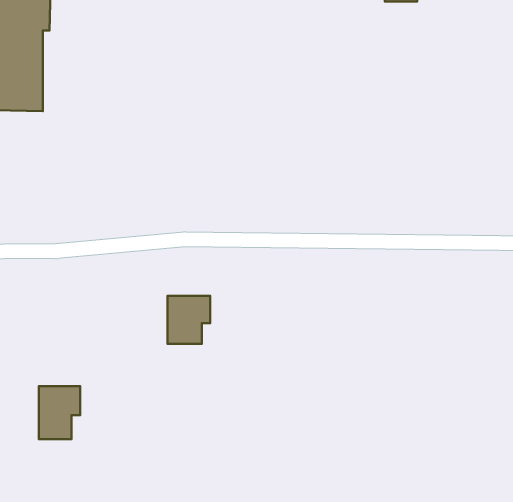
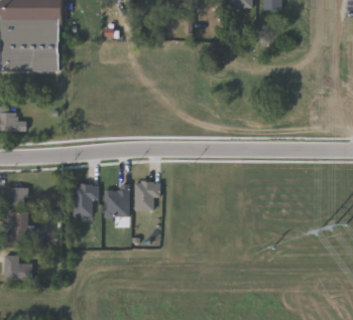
building: none -> [103,184,128,217]
building: [39,386,80,439] -> [73,185,97,216]

